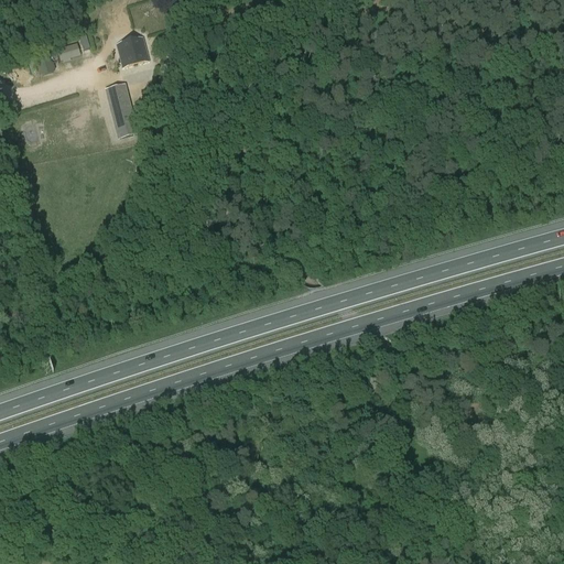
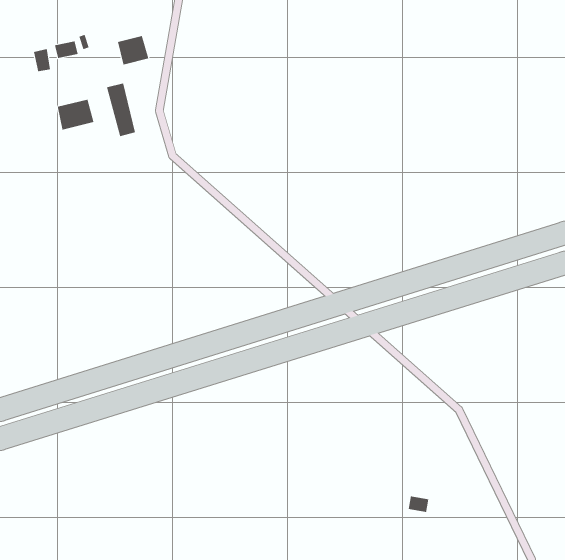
building: none -> [57,99,94,130]

